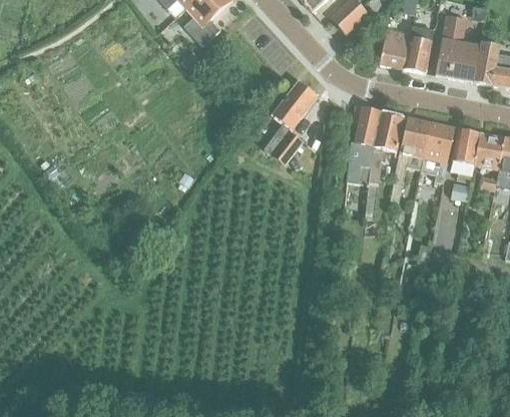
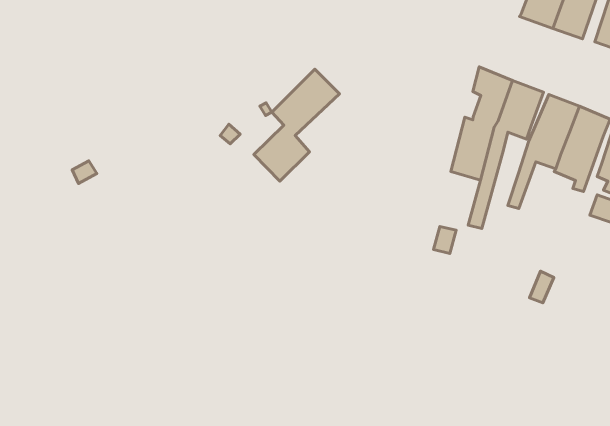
building: [264,81,318,164] -> [254,69,339,181]

